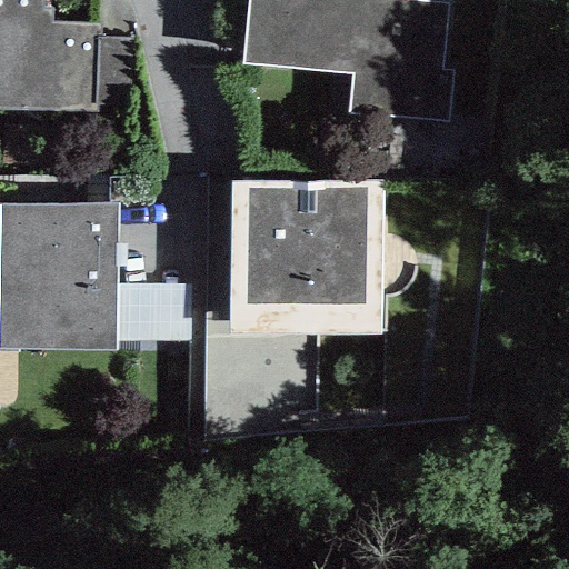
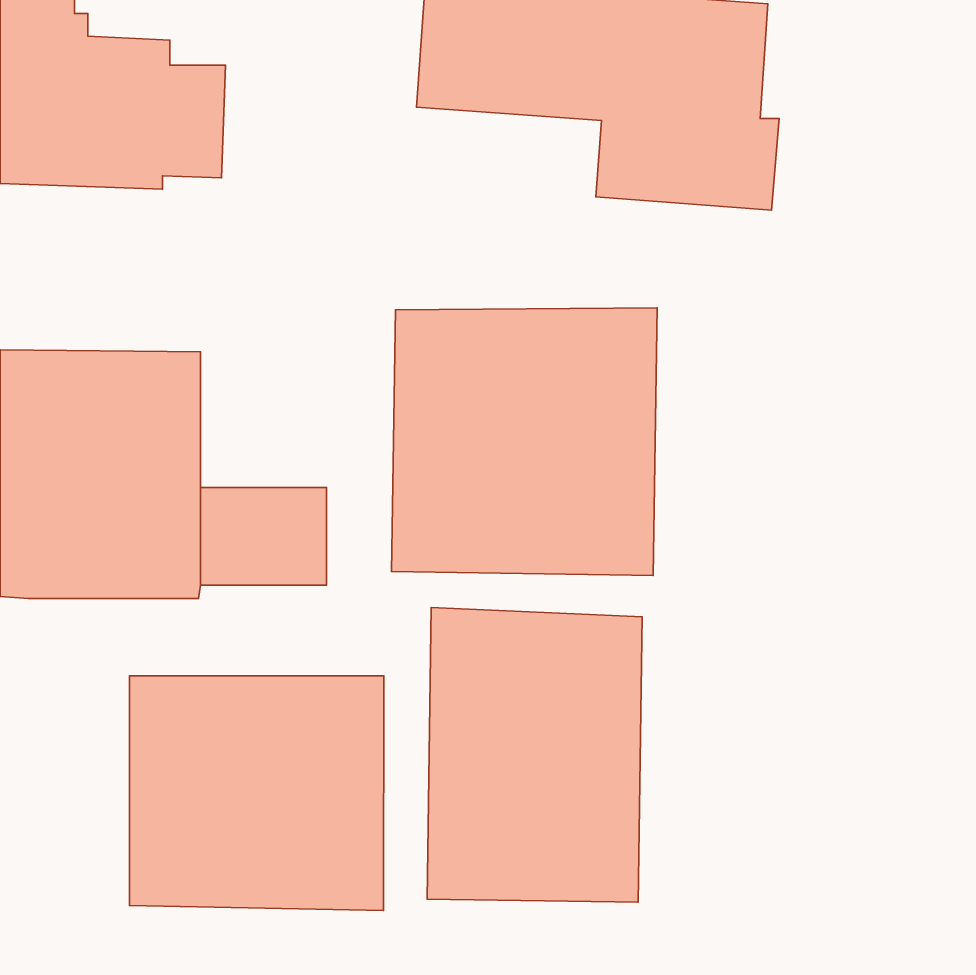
building: none -> [427,608,642,902]
building: none -> [130,676,384,911]

